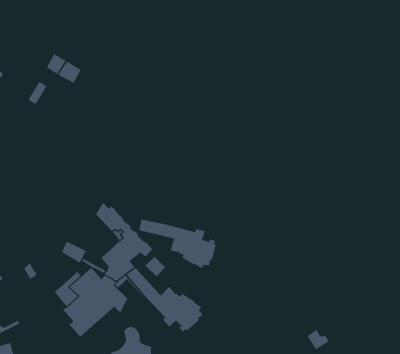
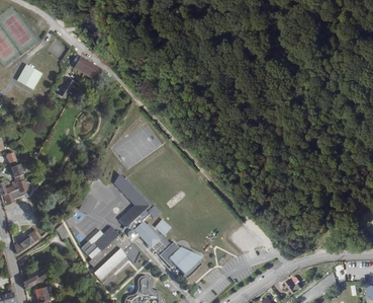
building: [139,219,216,269] -> none

